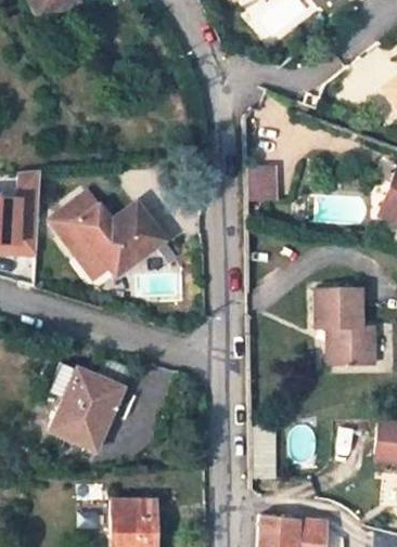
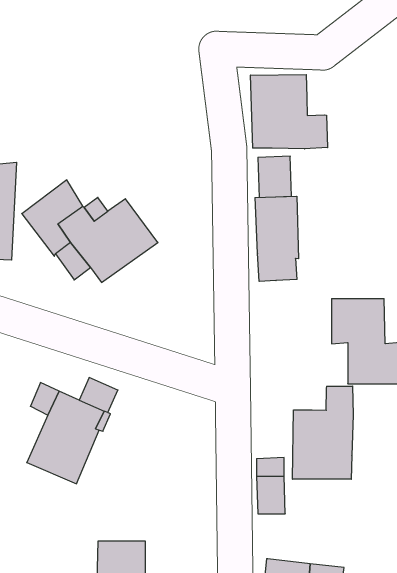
building: none -> [251,75,328,149]
building: none -> [255,196,298,281]
building: none -> [293,386,353,479]

